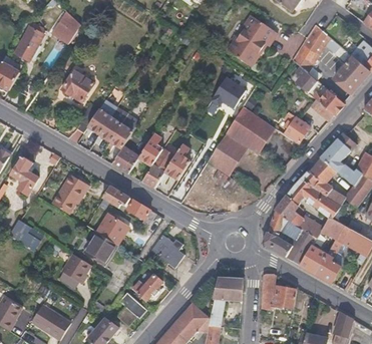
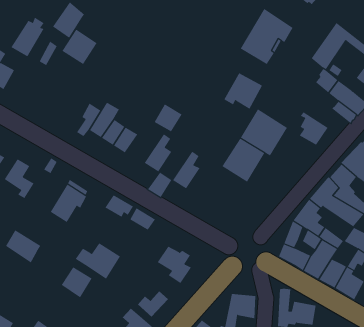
building: [62,70,95,103] -> [62,29,98,65]
building: [112,147,138,174] -> [154,104,182,132]
building: [97,214,128,244] -> none

